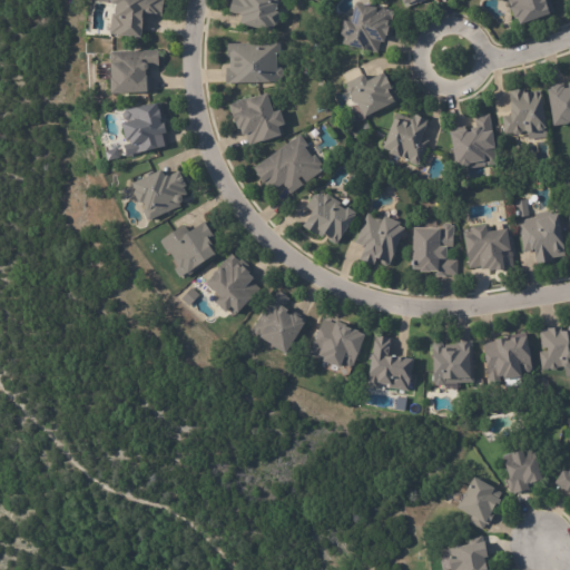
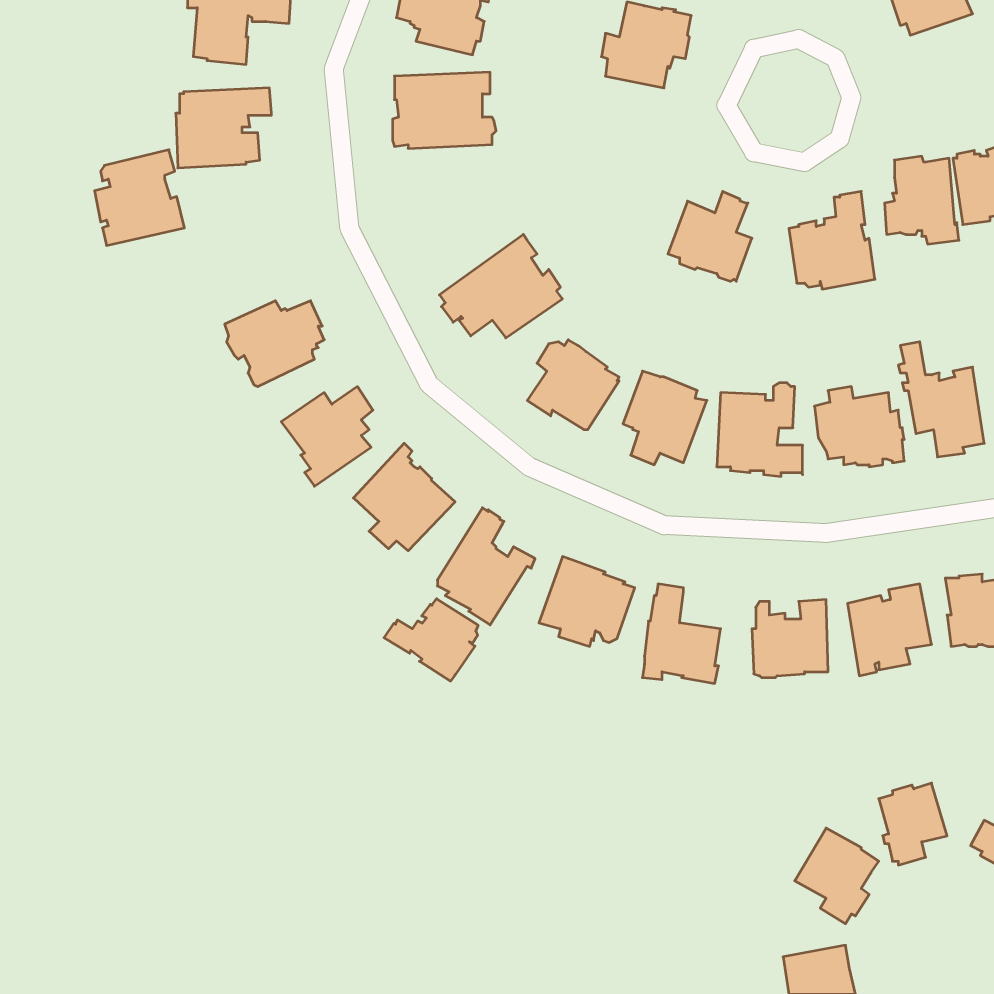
building: [348,71,401,117] -> none
building: [232,94,287,144] -> none
building: [116,102,167,157] -> [95,150,184,245]
building: none -> [384,599,478,681]

